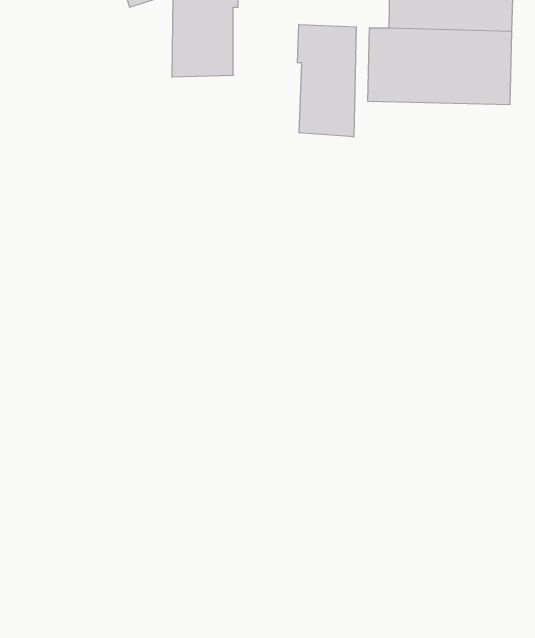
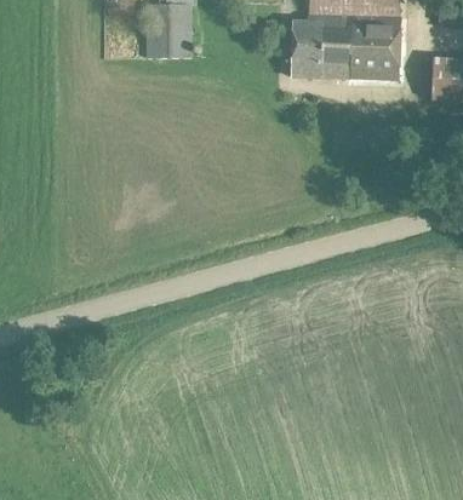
building: [298,24,356,137] -> none

